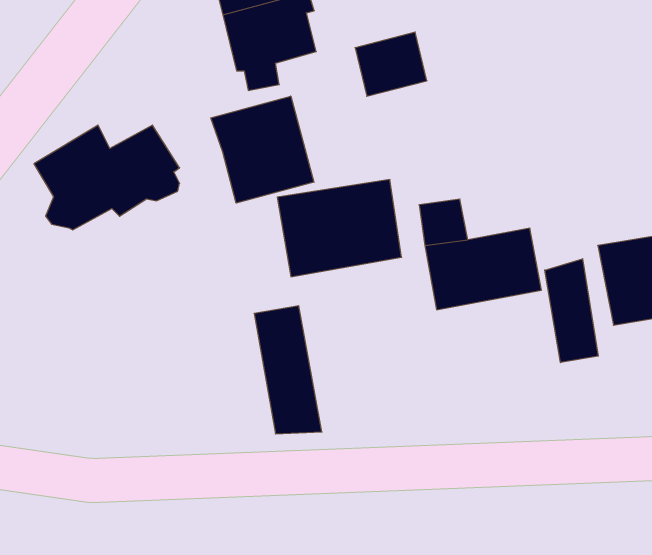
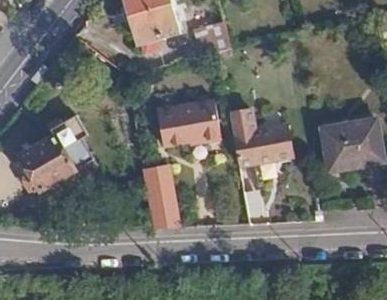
building: [211,96,314,203] -> none
building: [34,125,180,230] -> [20,136,95,190]
building: [545,259,598,363] -> none

